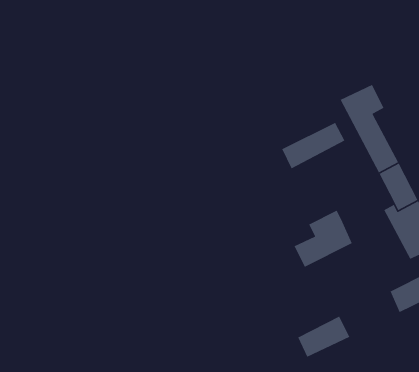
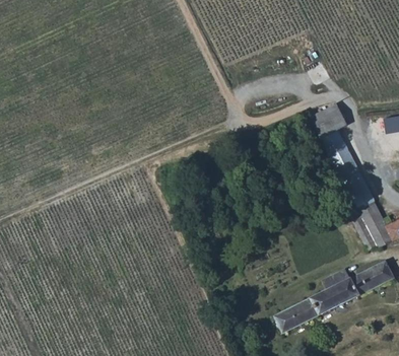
building: [281,122,346,169] -> none
building: [294,210,353,268] -> [309,267,358,315]

